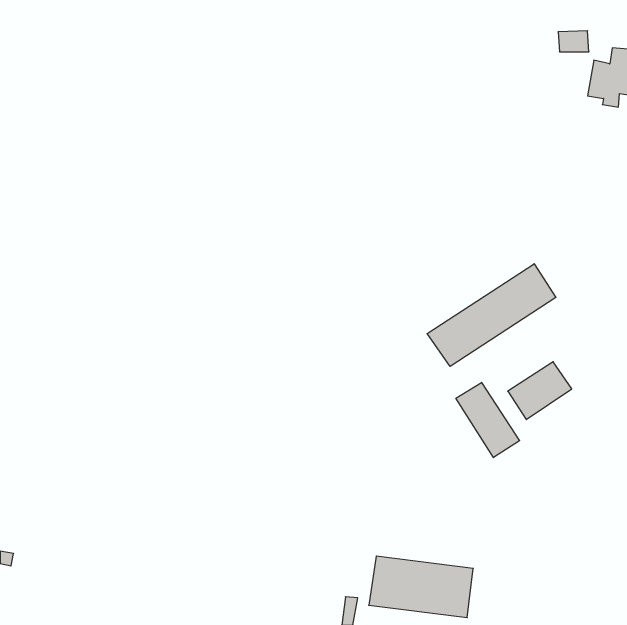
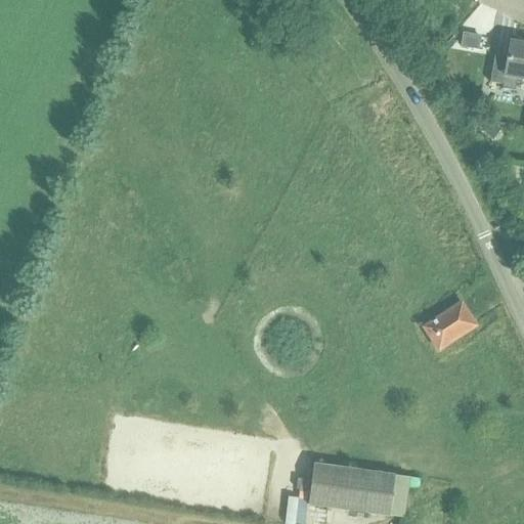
building: [427,264,556,366] -> none
building: [456,382,520,458] -> none

